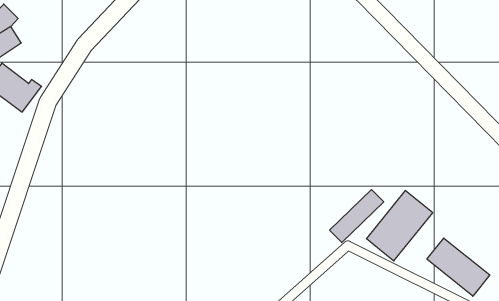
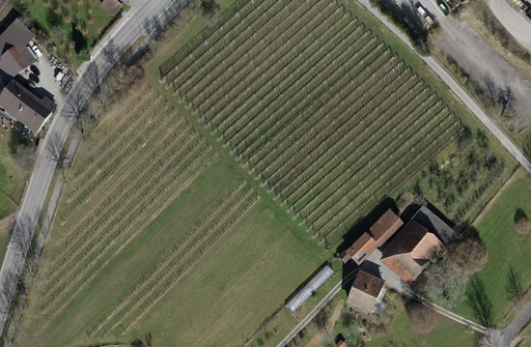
building: [427,238,490,296] -> none
building: none -> [345,272,385,317]

